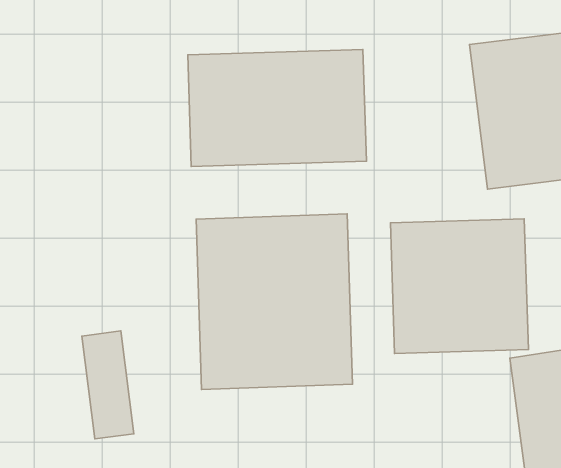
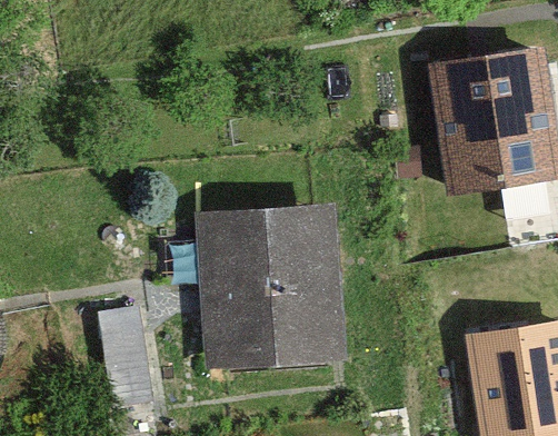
building: [188,50,367,167] -> none
building: [390,219,528,354] -> none

